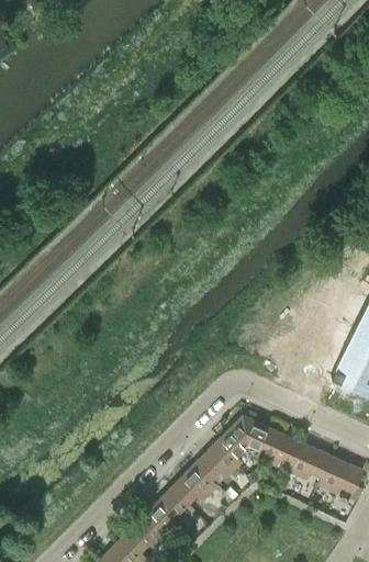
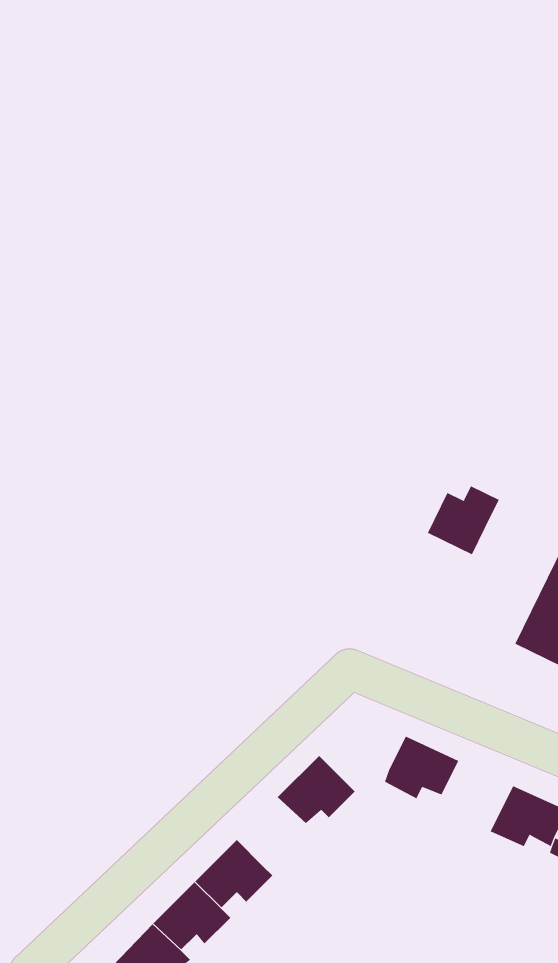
building: none -> [427,485,499,555]
building: [221,417,270,456] -> none
building: [288,443,332,479] -> none
building: [174,464,217,504] -> none

